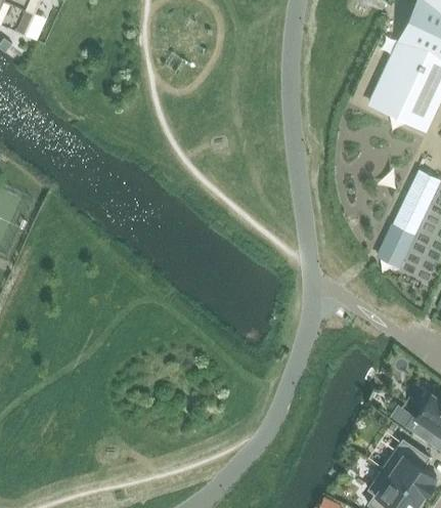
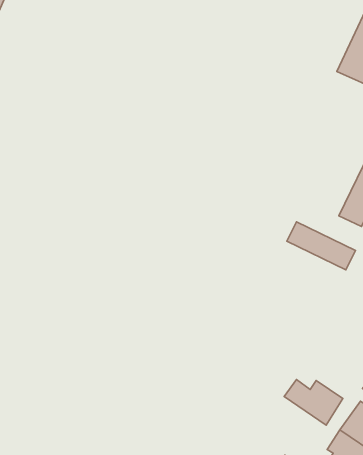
building: none -> [287,222,356,270]
building: none -> [284,380,343,425]

